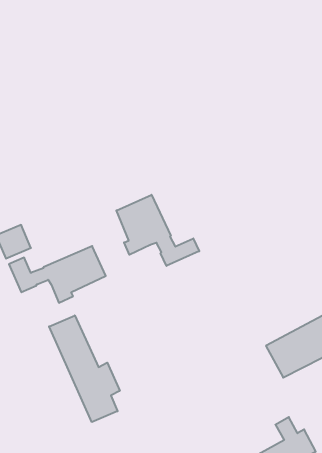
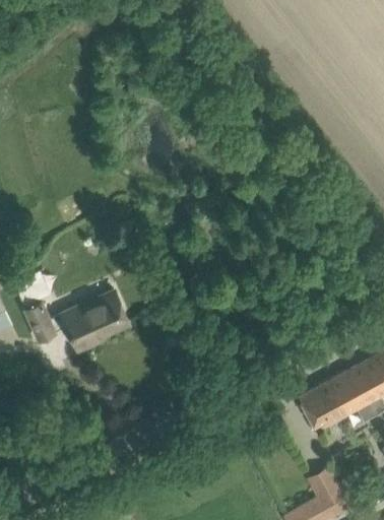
building: [116,195,199,266] -> none
building: [49,315,120,422] -> none

